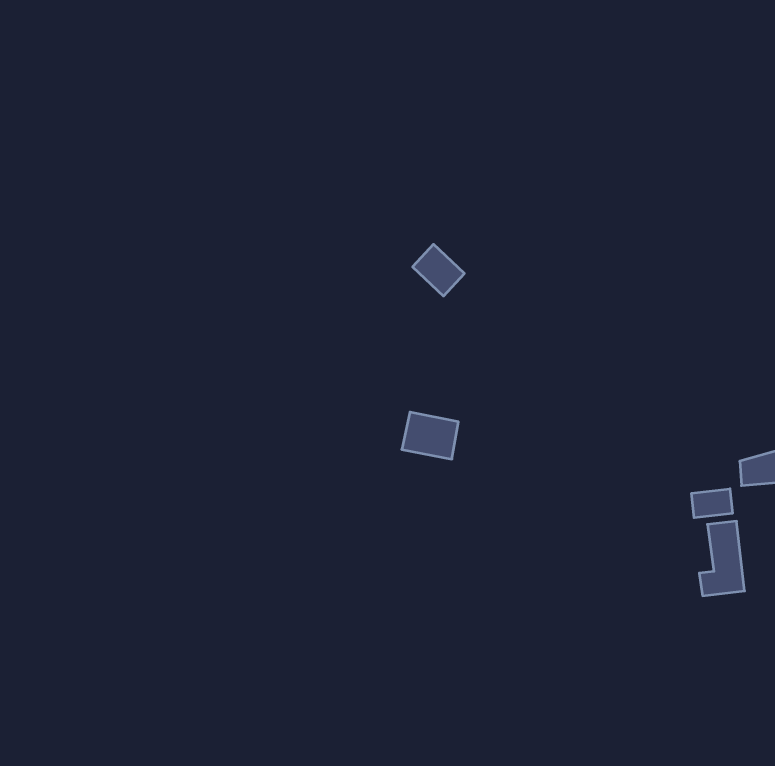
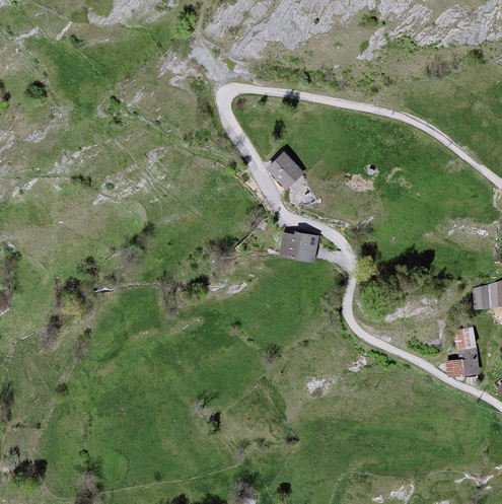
building: [402,412,458,459] -> [280,231,315,261]
building: [692,489,732,518] -> none

